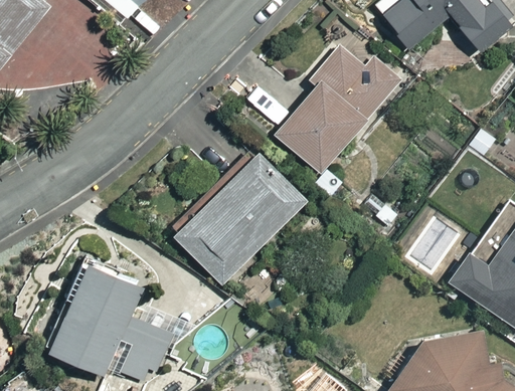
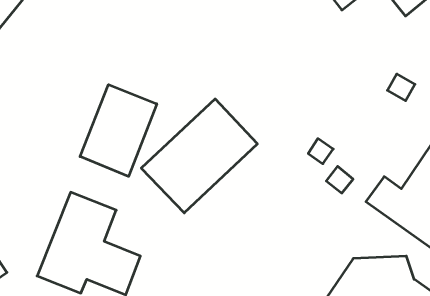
building: [274,46,405,177] -> none
building: none -> [80,85,157,176]

